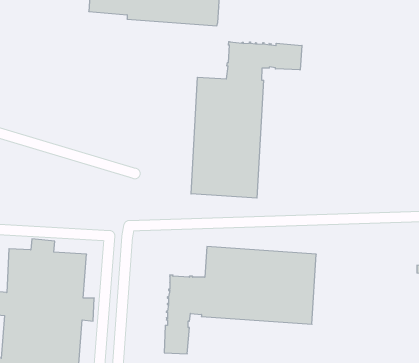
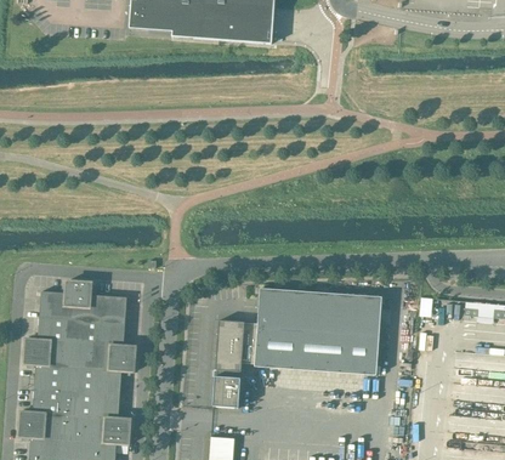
building: [191,42,302,198] -> none

